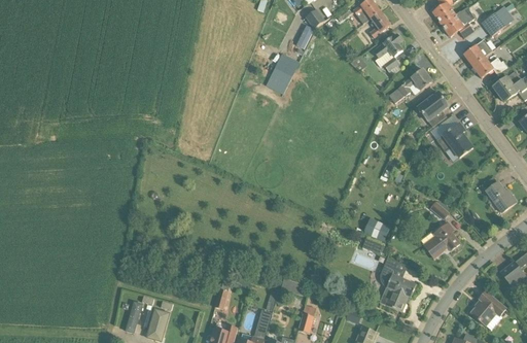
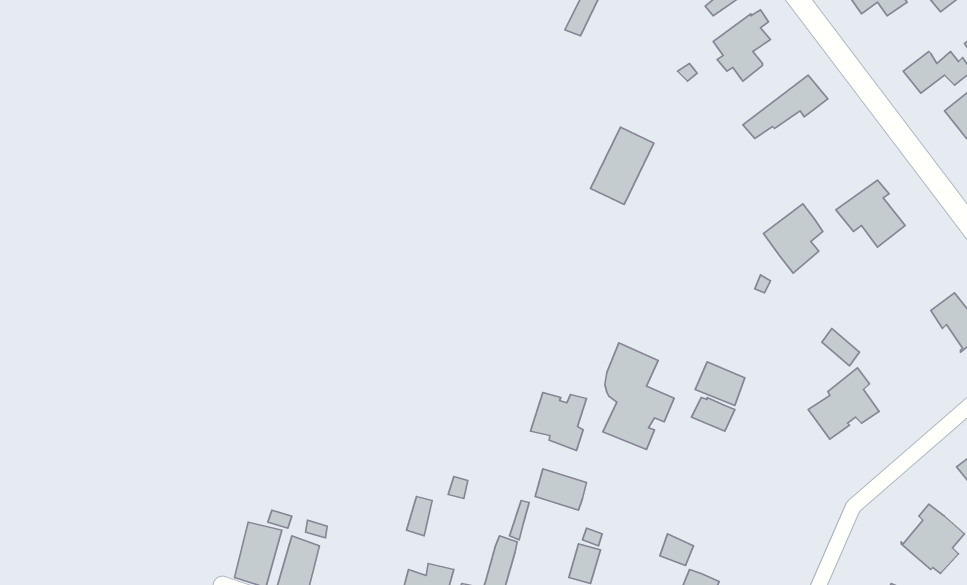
building: [463,38,491,66] -> none
building: [266,52,298,92] -> [591,127,654,204]
building: [417,91,448,127] -> [763,204,823,273]
building: none -> [530,392,587,451]
building: [379,255,416,311] -> [603,343,674,450]

